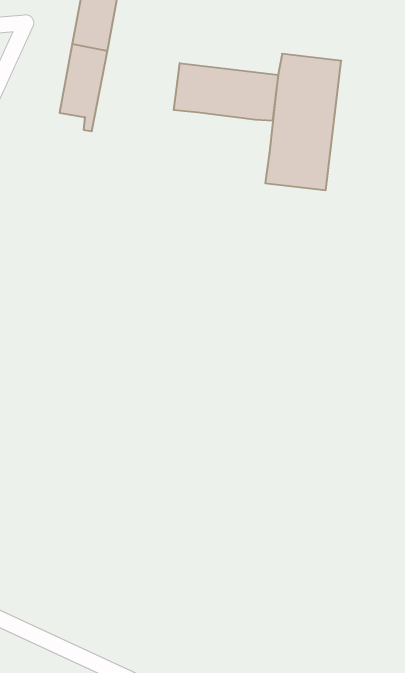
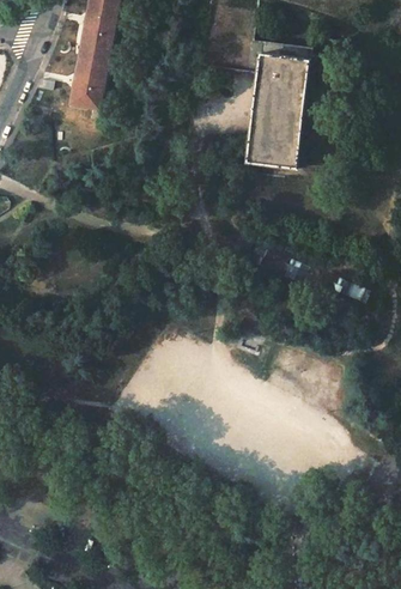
building: [174,63,278,121] -> none

